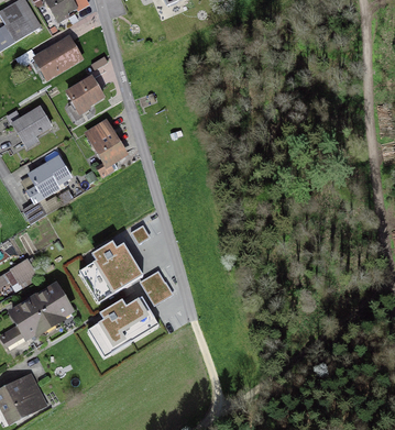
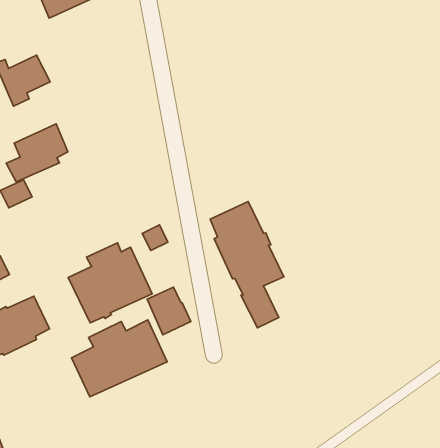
building: [67,78,102,109] -> none
building: [86,122,124,176] -> none
building: none -> [210,202,284,328]

